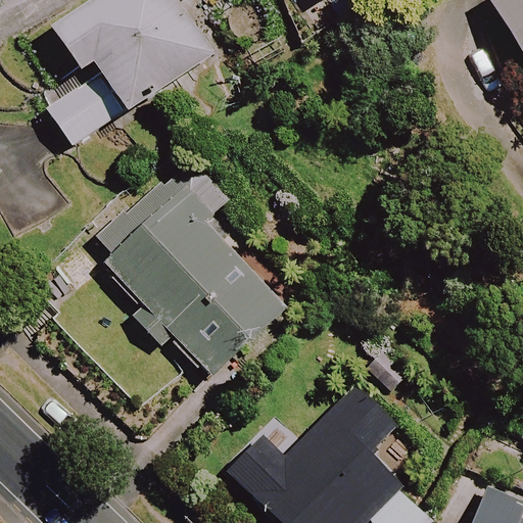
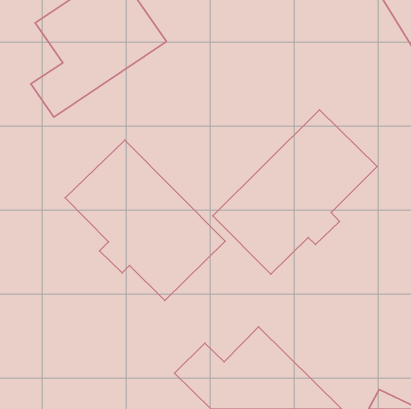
building: none -> [213,110,377,274]

